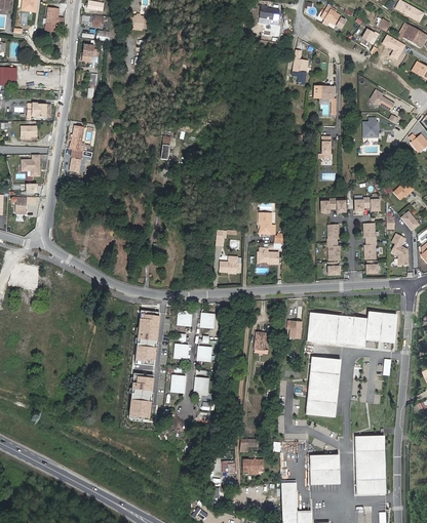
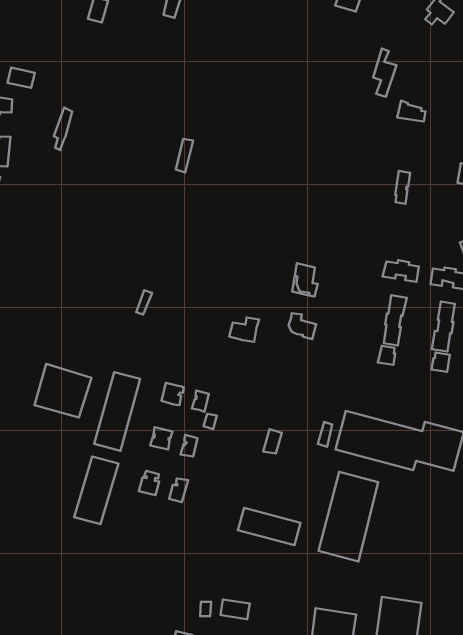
building: none -> [35,364,91,417]
building: none -> [238,508,301,545]

